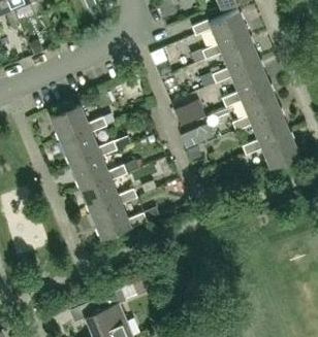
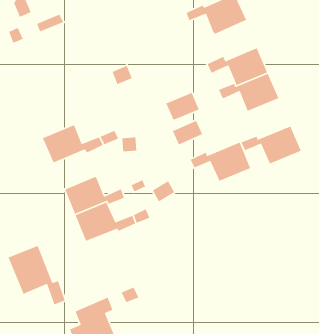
building: [202,34,258,71] -> none
building: [50,105,106,142] -> none
building: [232,106,289,143] -> [190,142,251,182]
building: [70,154,127,190] -> none
building: none -> [7,245,66,305]

